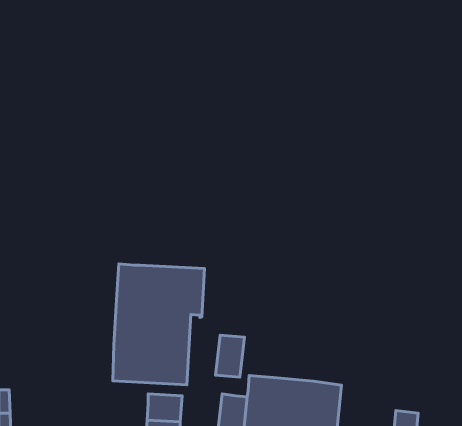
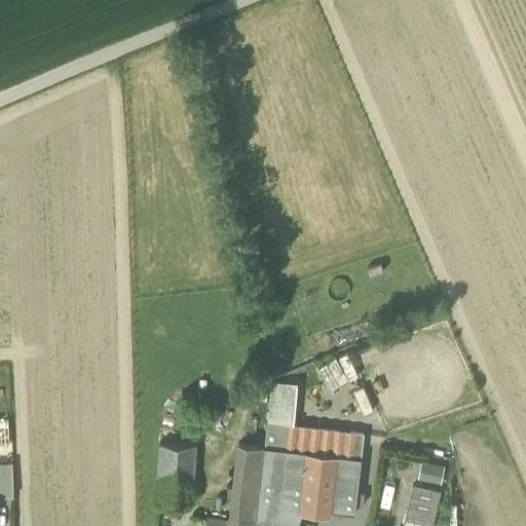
building: [113,264,205,385] -> none
building: [215,335,245,377] -> [266,383,297,427]

